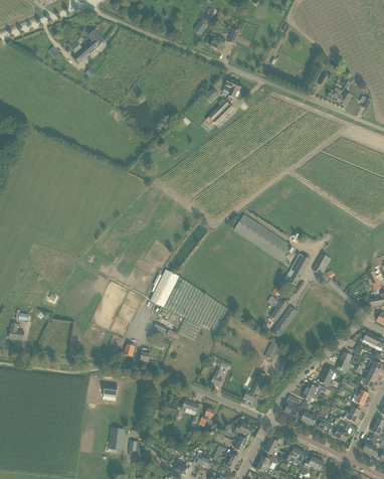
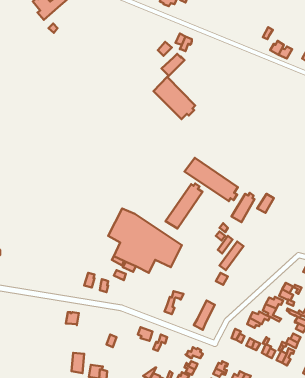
building: none -> [153,77,195,119]
building: none -> [166,183,202,229]

